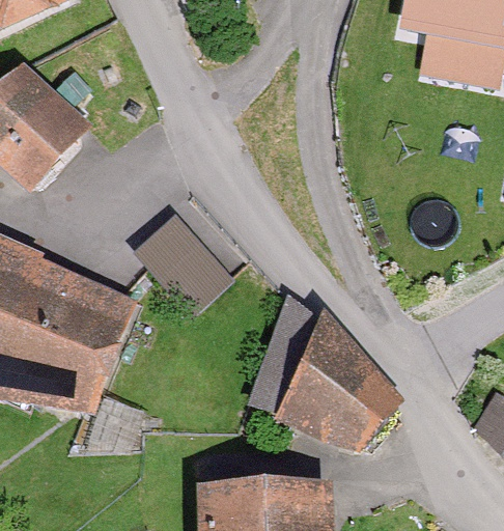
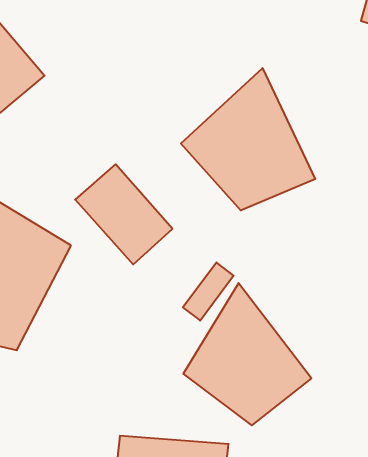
building: none -> [181,68,315,210]

